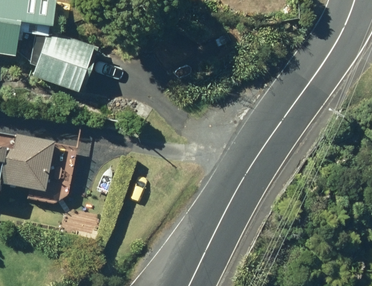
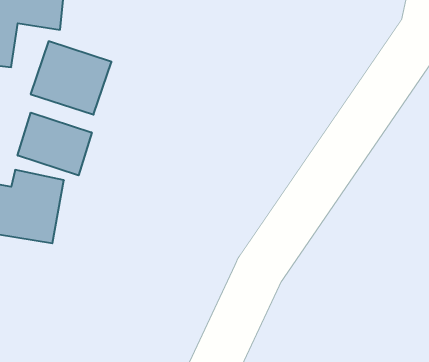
building: none -> [18,113,92,175]

